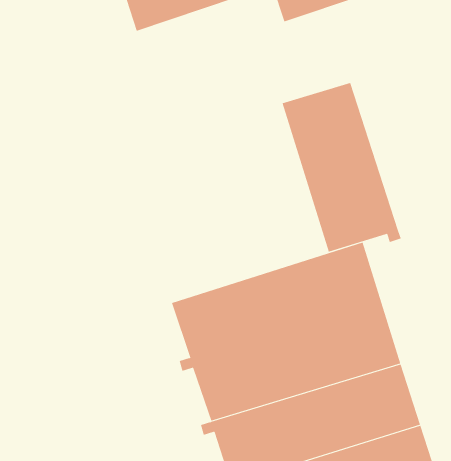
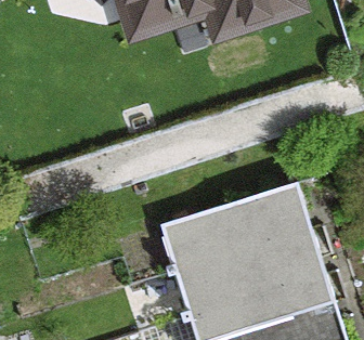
building: [282,82,401,252] -> none

